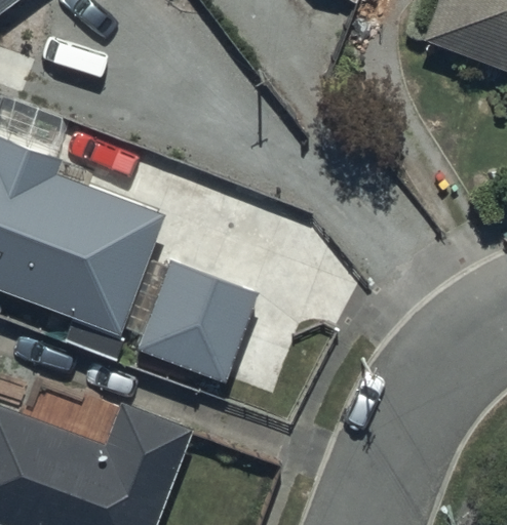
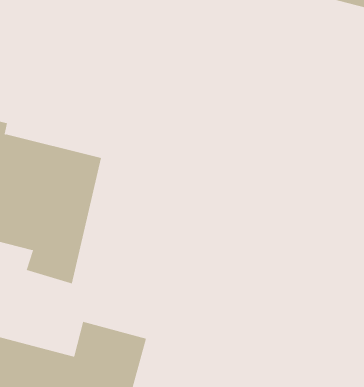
building: [135,259,257,380] -> none

